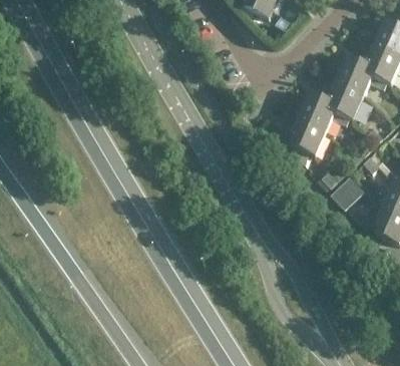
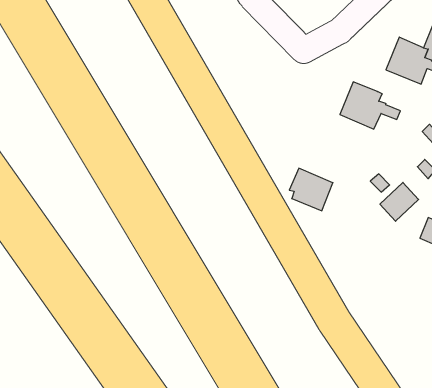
building: [328,81,364,118] -> none
building: [289,118,325,153] -> [289,168,333,211]

